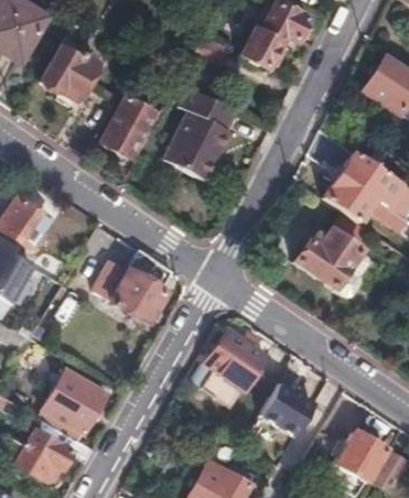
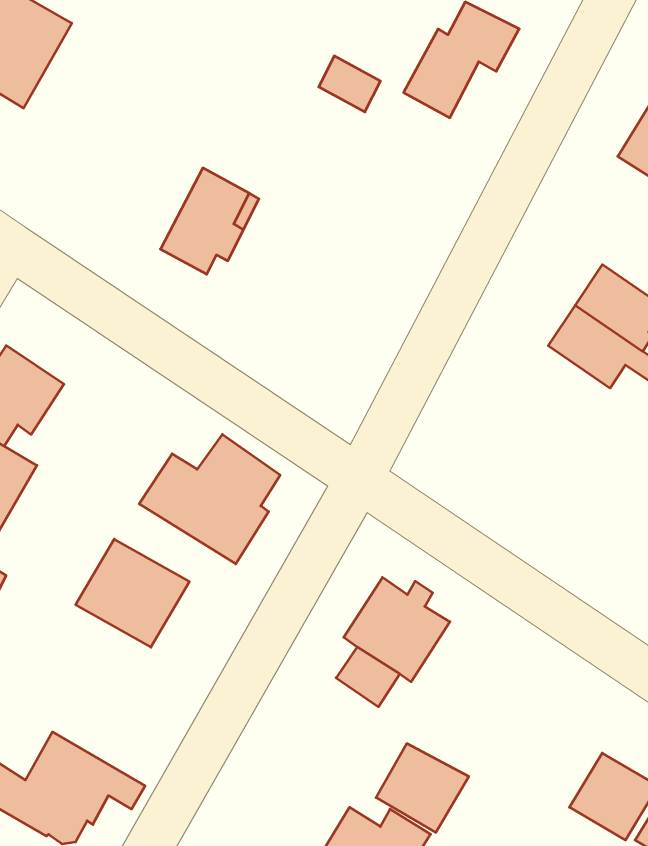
building: [41,46,98,99] -> none
building: [164,87,237,178] -> none
building: [297,231,369,296] -> none
building: [42,370,107,432] -> [76,539,189,647]
building: [262,385,315,435] -> [376,744,469,832]

